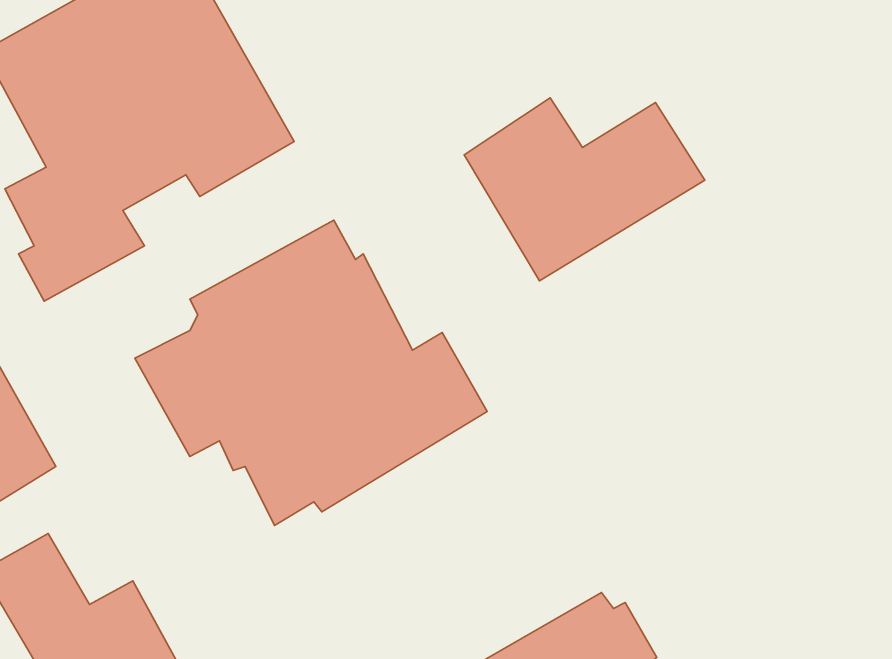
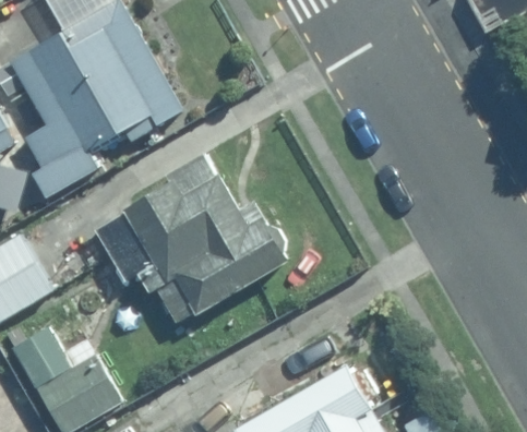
building: [464,98,705,281] -> none

